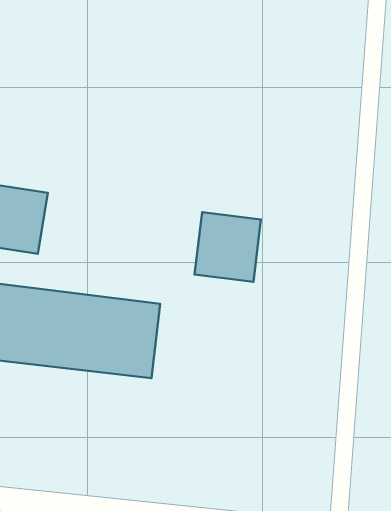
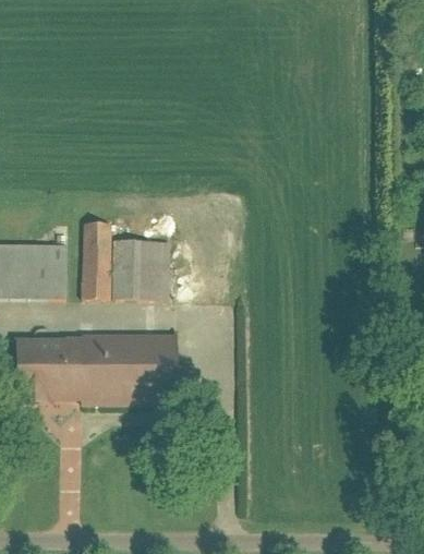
building: none -> [80,221,109,297]
building: [195,212,261,282] -> [114,240,169,298]

